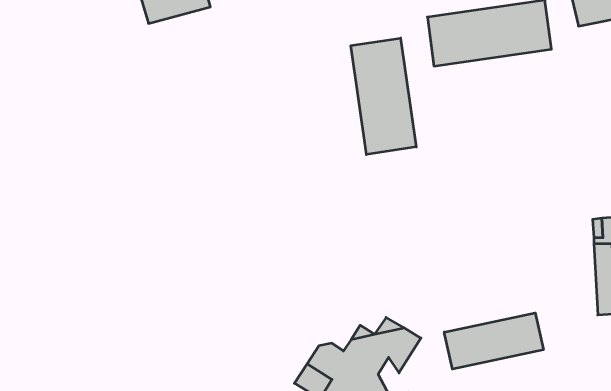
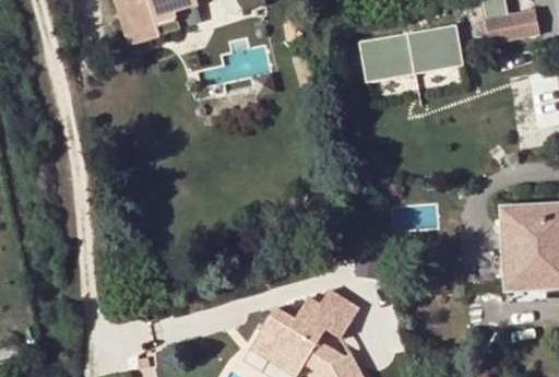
building: [351,38,416,155] -> none
building: [444,313,543,369] -> none

